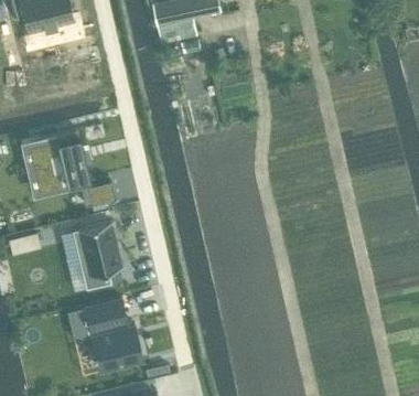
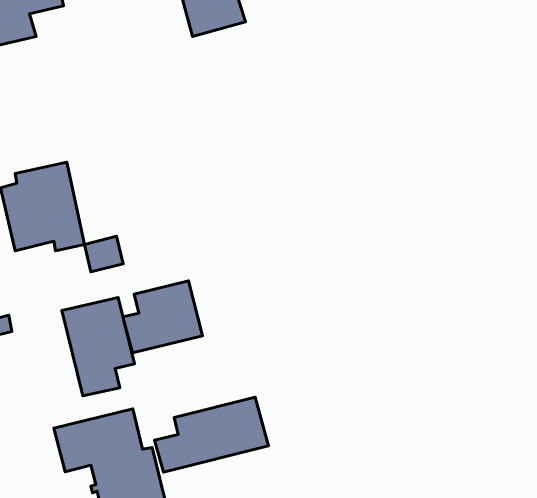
building: none -> [123,281,203,353]
building: none -> [154,397,268,472]

